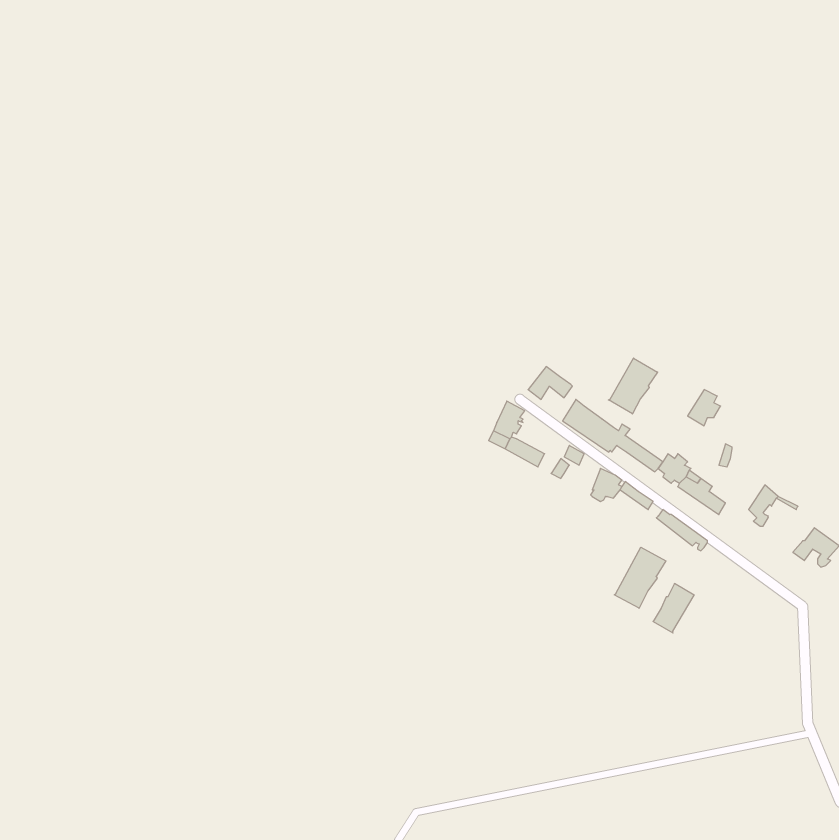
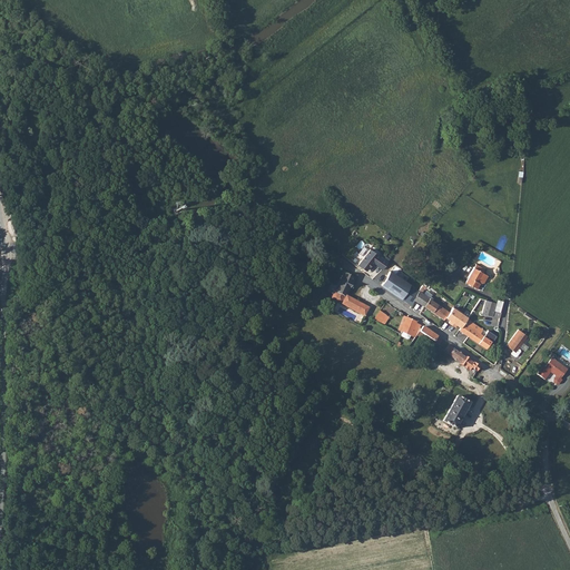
building: [608,358,658,414] -> none
building: [614,547,666,608] -> none

